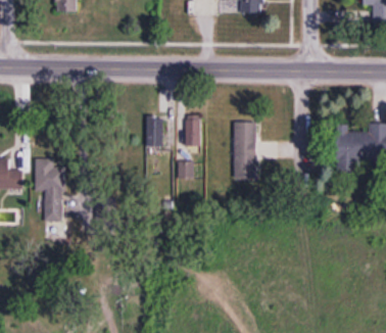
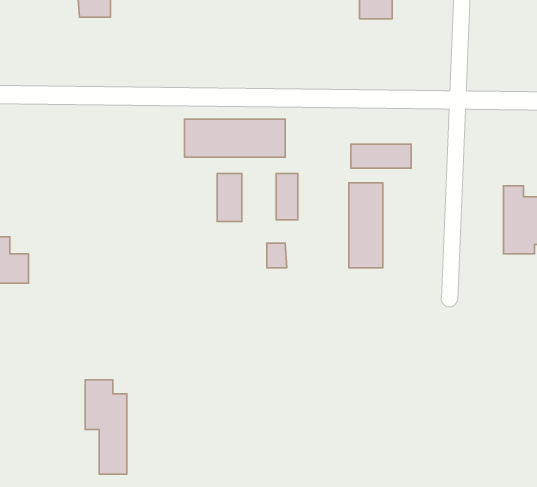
building: none -> [185,119,285,157]
building: none -> [351,144,411,168]
building: [35,158,62,221] -> [85,380,127,474]

